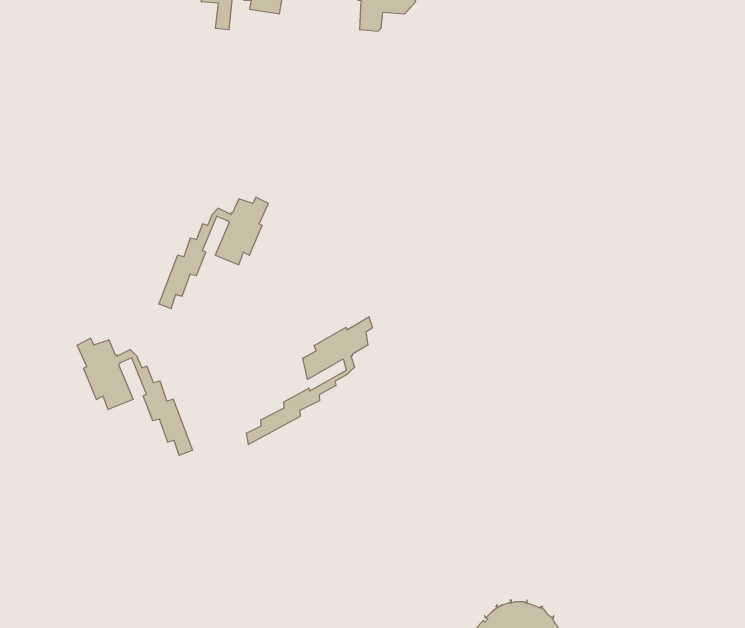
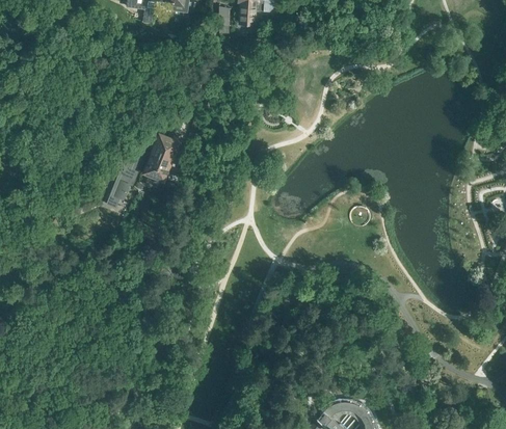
building: [246,317,373,445] -> none
building: [77,338,192,455] -> none

